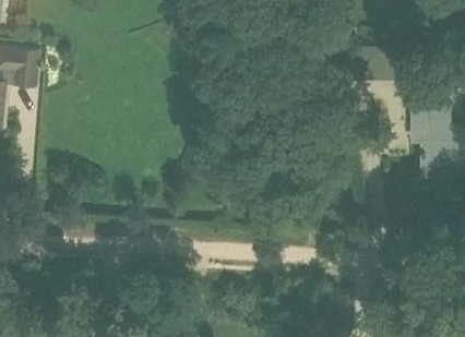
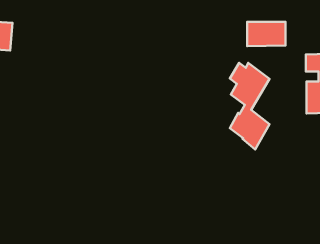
building: none -> [230,63,269,149]

